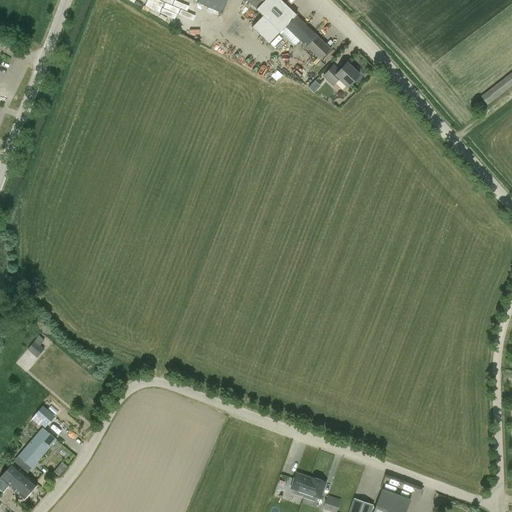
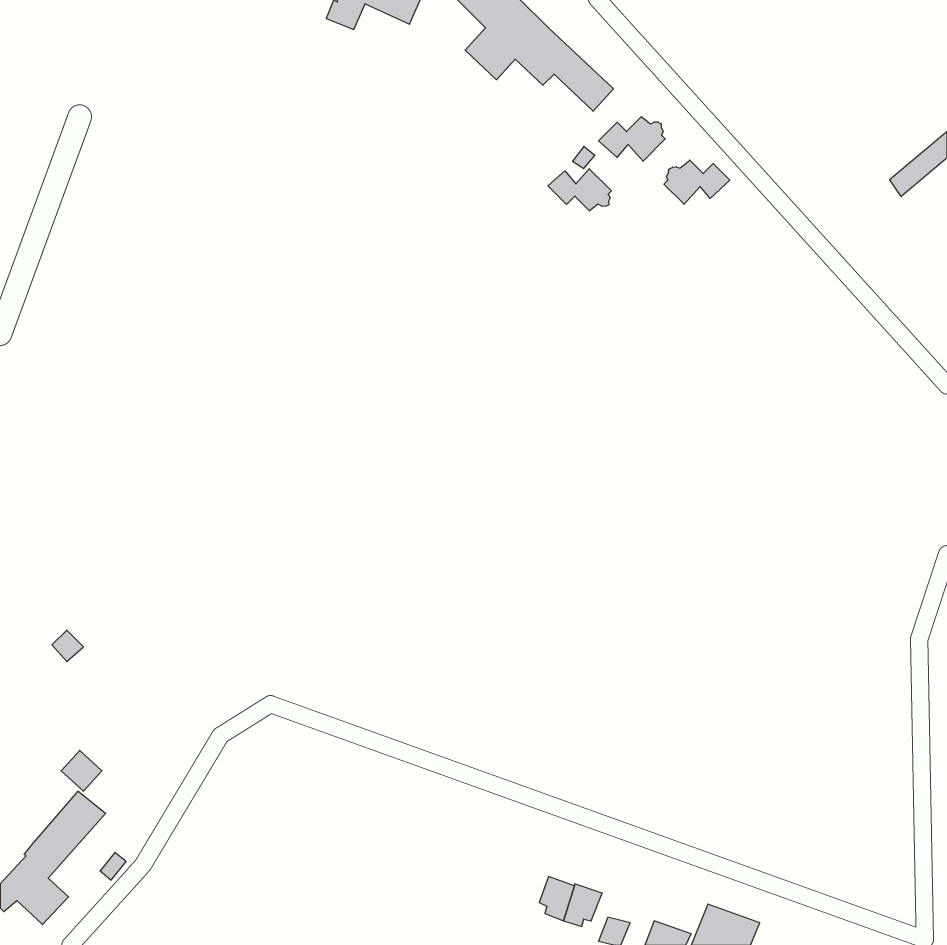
building: none -> [664,160,730,204]
building: none -> [548,169,611,211]

